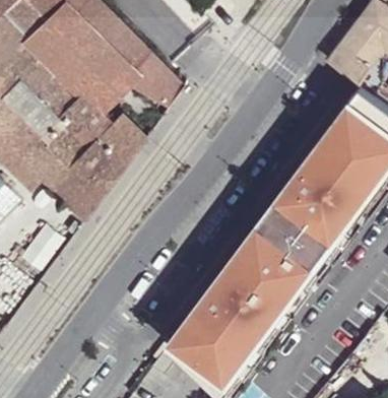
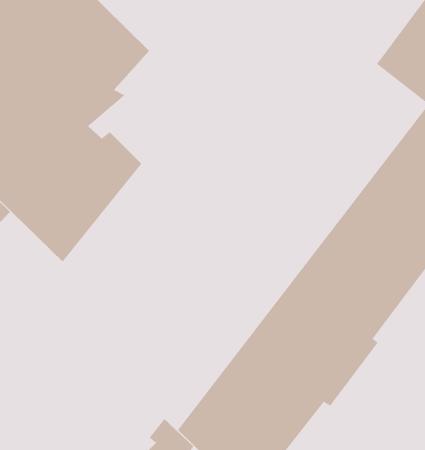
building: [121,50,184,107] -> none

